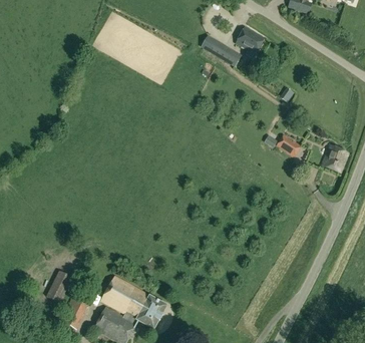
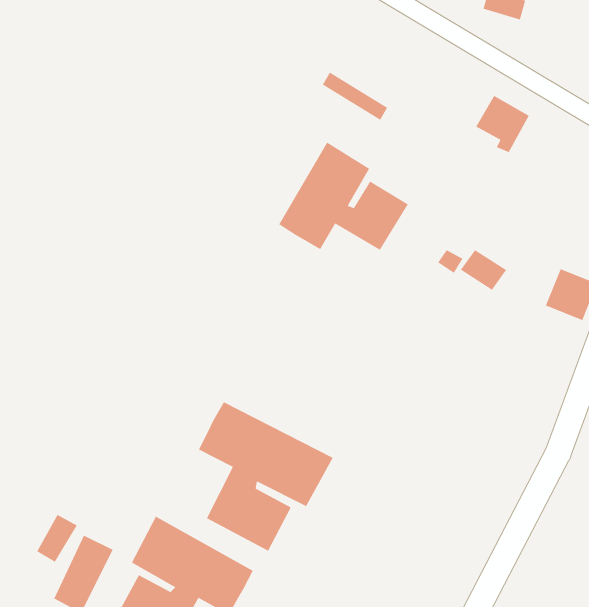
building: [236,26,265,57] -> [475,95,530,153]
building: none -> [278,141,409,251]
building: none -> [198,401,334,552]

